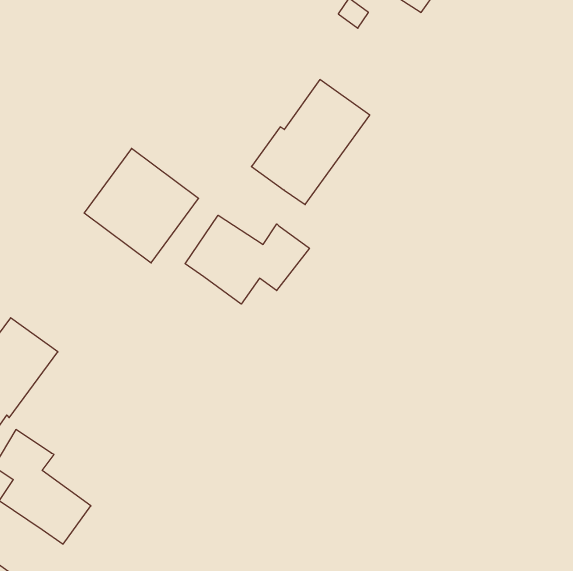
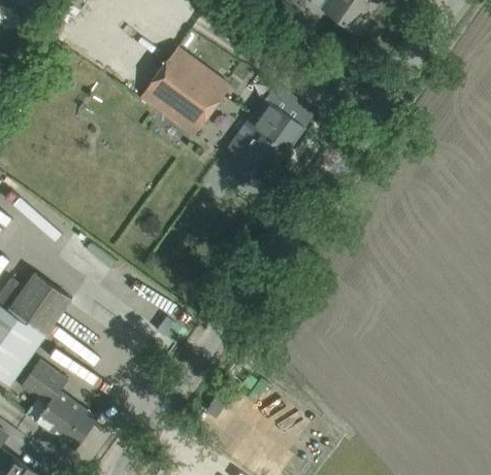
building: [84,148,199,263] -> [140,45,230,135]
building: [185,215,309,304] -> none

